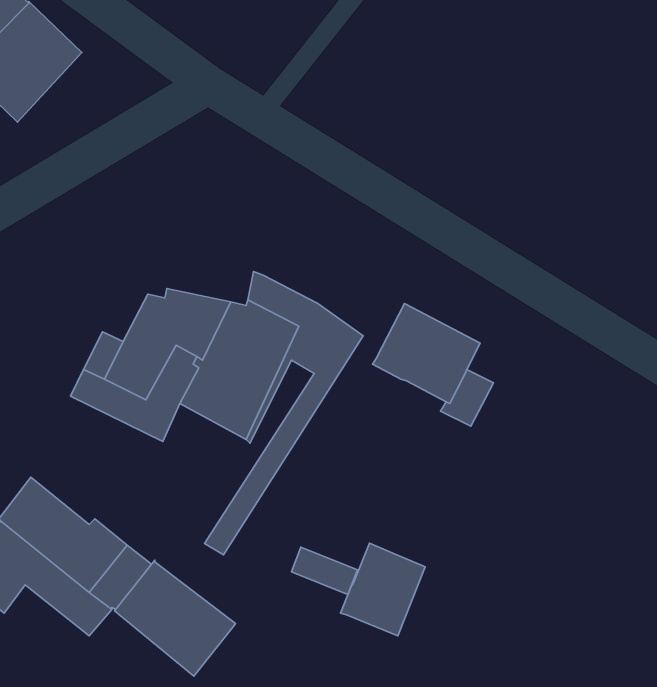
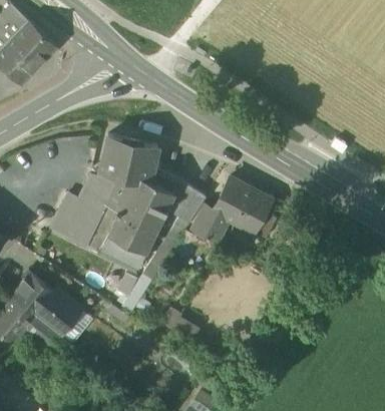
building: none -> [101,136,156,181]
building: none -> [191,207,226,243]
building: none -> [99,234,145,272]
building: [341,543,425,636] -> none
building: [115,560,235,676] -> none

